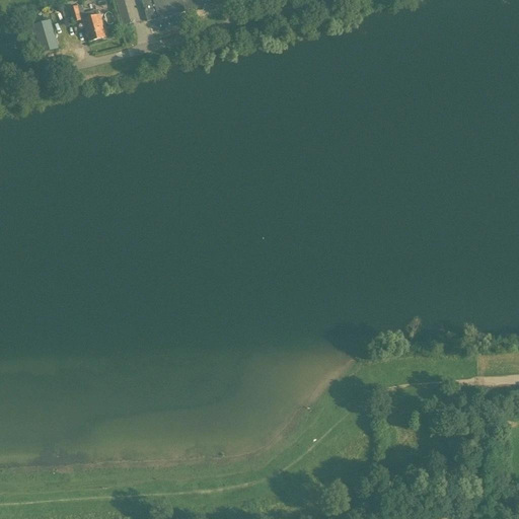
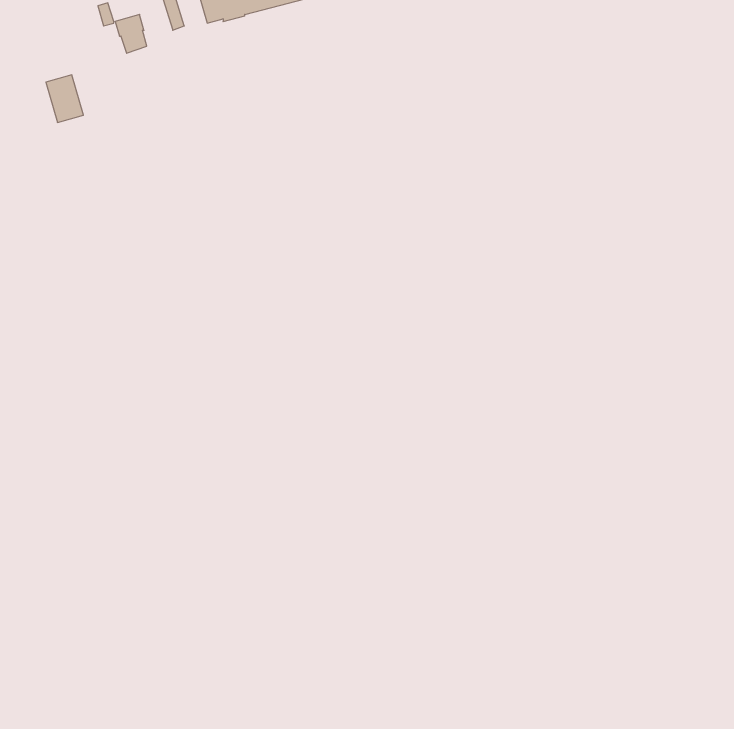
building: [31,15,58,49] -> [46,75,83,122]

